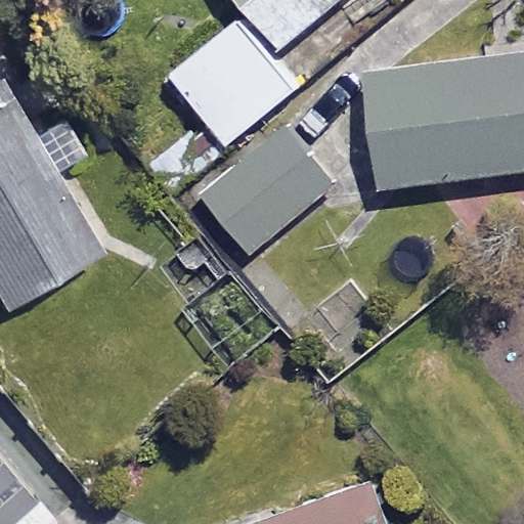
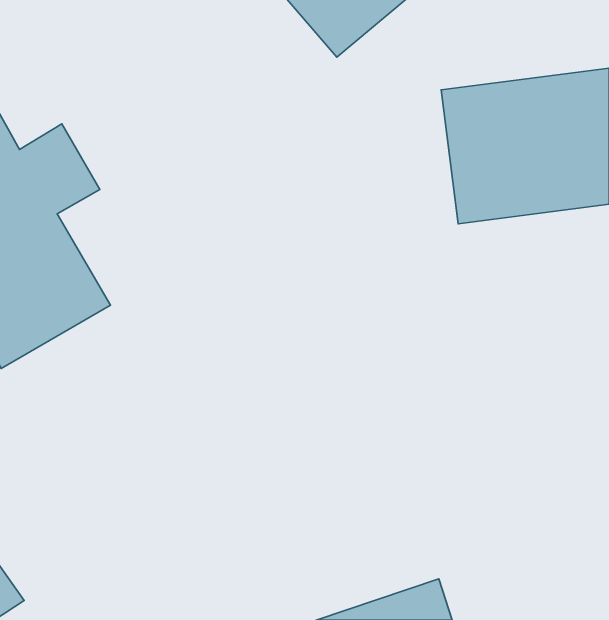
building: [172,19,297,144] -> none
building: [203,128,331,251] -> none

